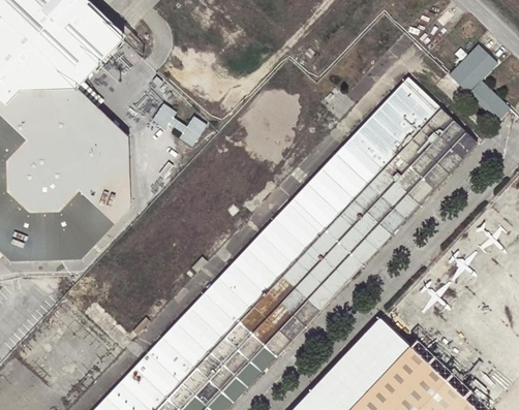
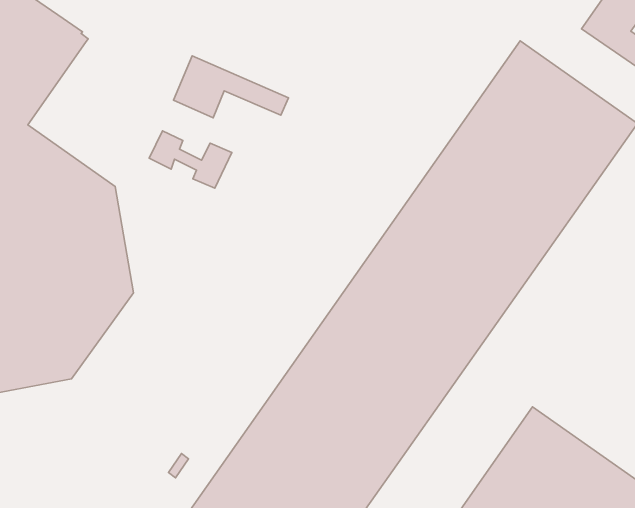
building: none -> [174,56,288,118]

